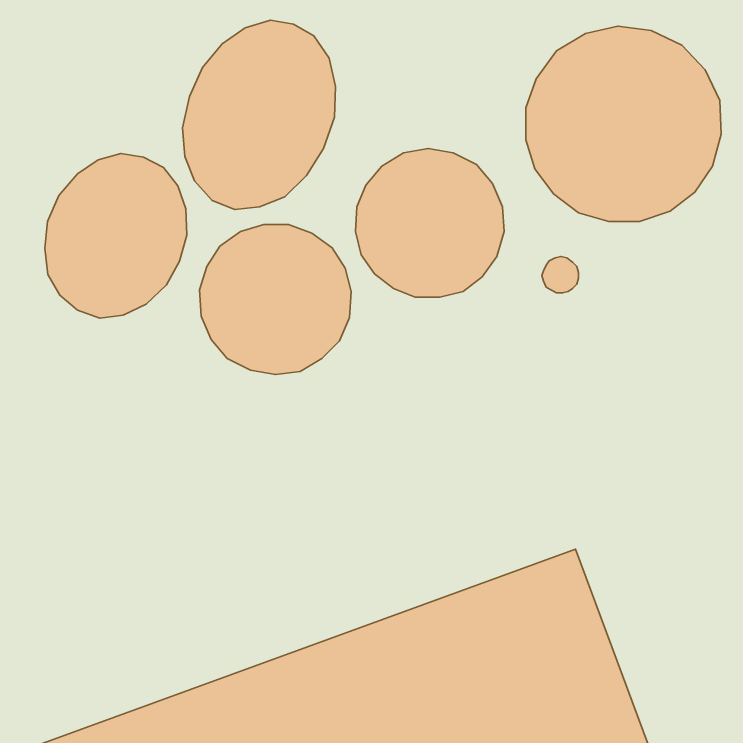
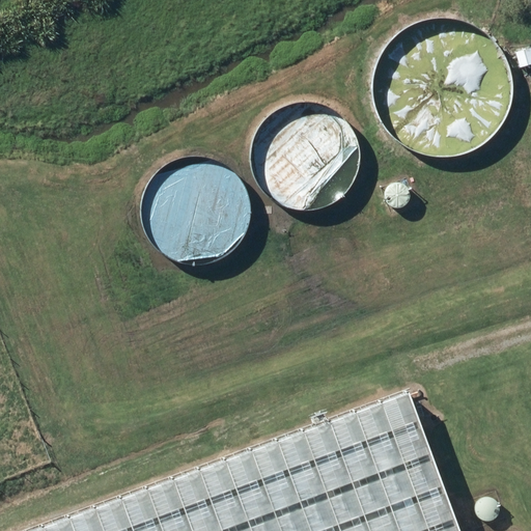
building: [182,20,335,209] -> none
building: [45,153,187,318] -> none

